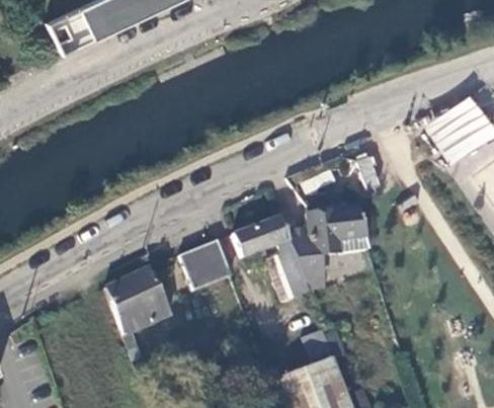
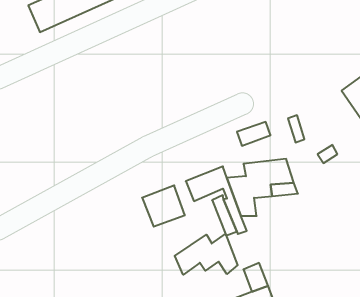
building: [107,267,172,350] -> none
building: none -> [175,234,238,275]

